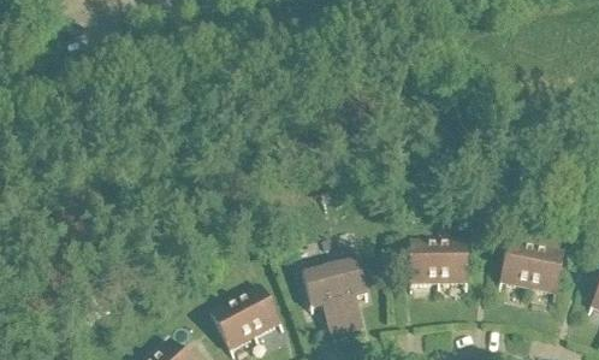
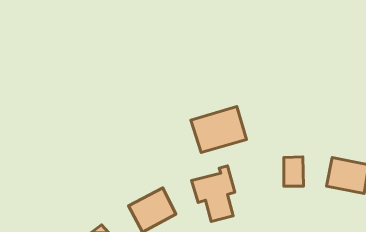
building: none -> [191,106,246,153]
building: [409,240,438,283] -> none

